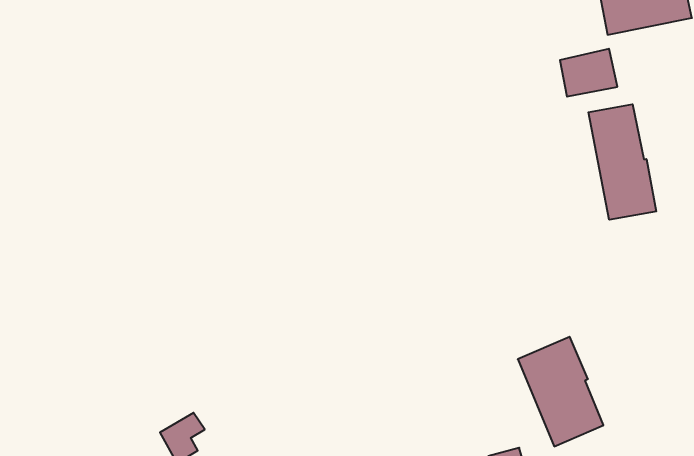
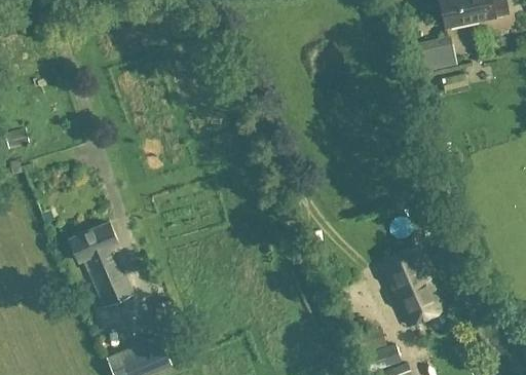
building: [588,104,656,220] -> none
building: none -> [70,223,134,308]

